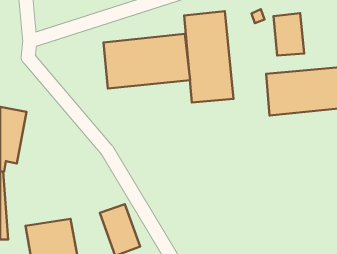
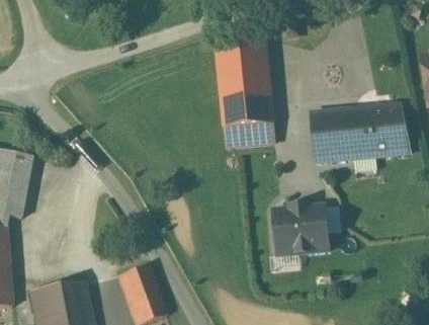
building: [273,13,304,56] -> none
building: [104,34,190,88] -> none
building: none -> [273,202,328,254]

